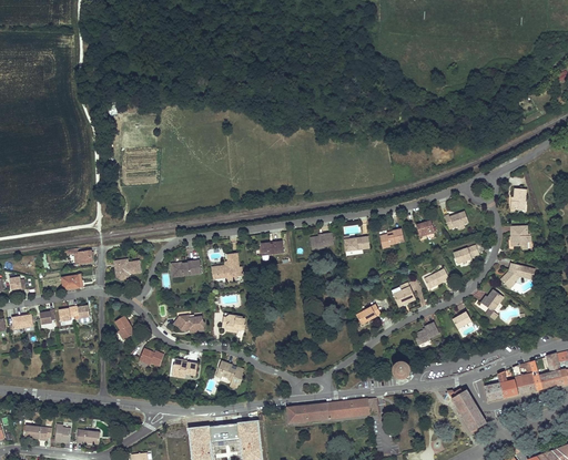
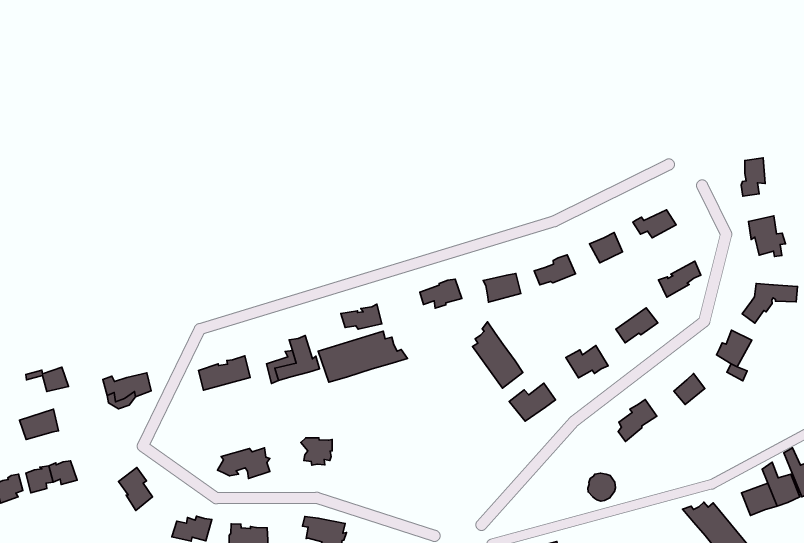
building: none -> [318,331,408,382]
building: none -> [473,322,523,388]

